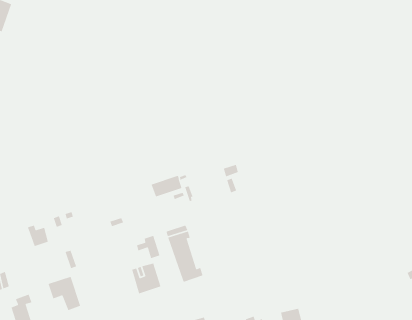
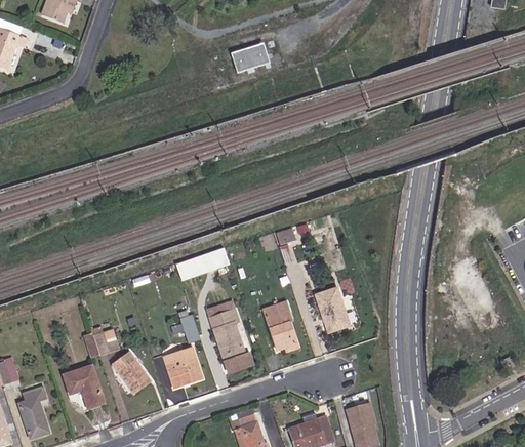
building: none -> [231,44,268,73]
building: none -> [316,288,349,332]
building: [27,224,49,247] -> [91,327,118,355]
building: none -> [265,302,297,352]
building: none -> [113,353,150,393]

